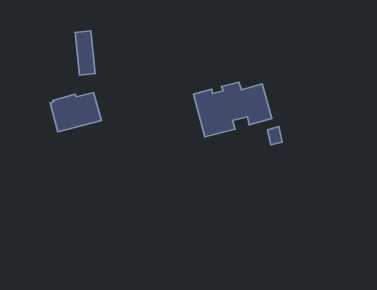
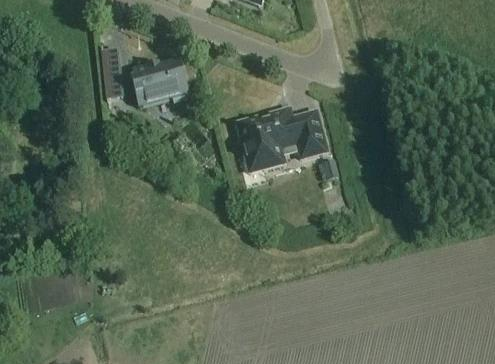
building: [50,93,101,132] -> [128,61,187,106]

